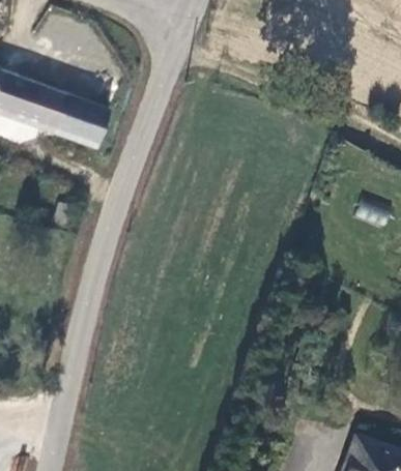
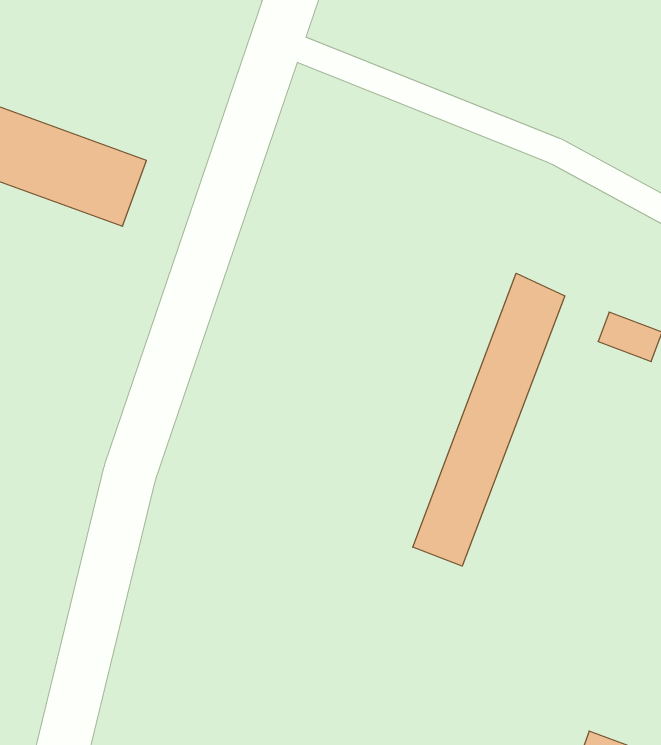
building: none -> [413,273,565,566]

